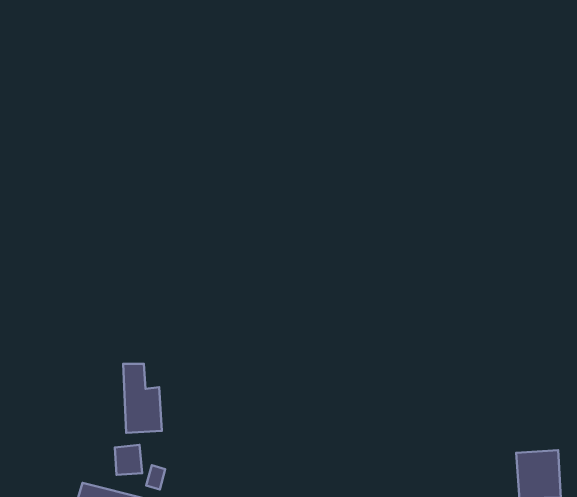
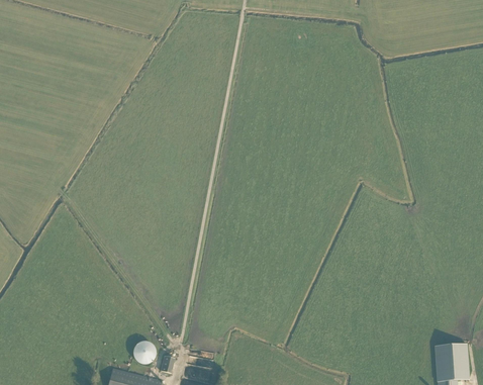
building: [123,364,162,433] -> none

